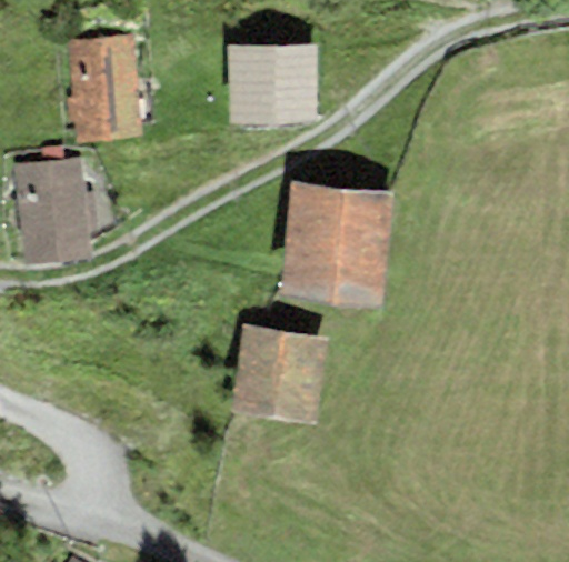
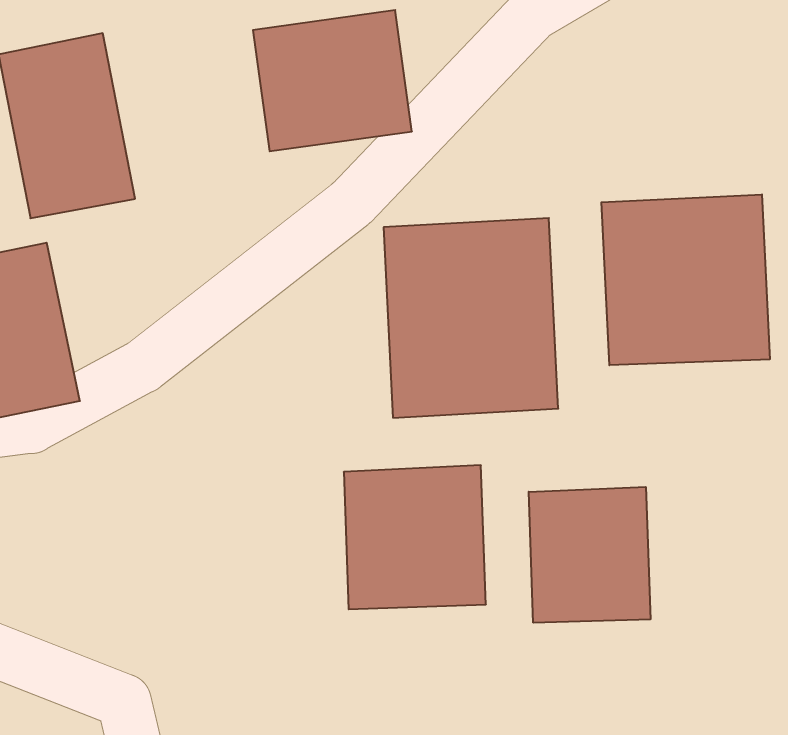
building: none -> [601,194,770,365]
building: none -> [529,487,650,623]

